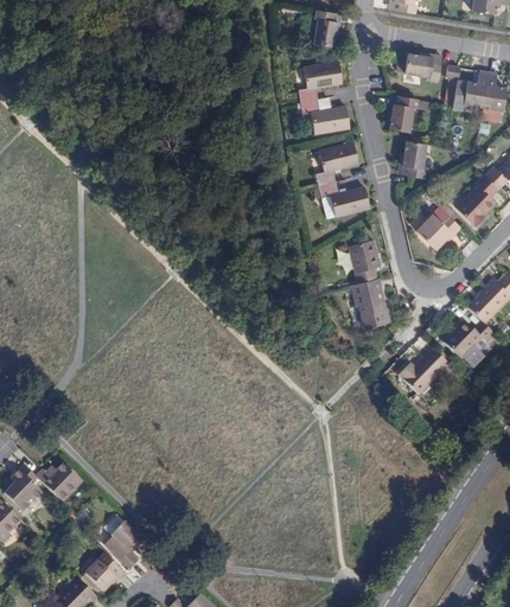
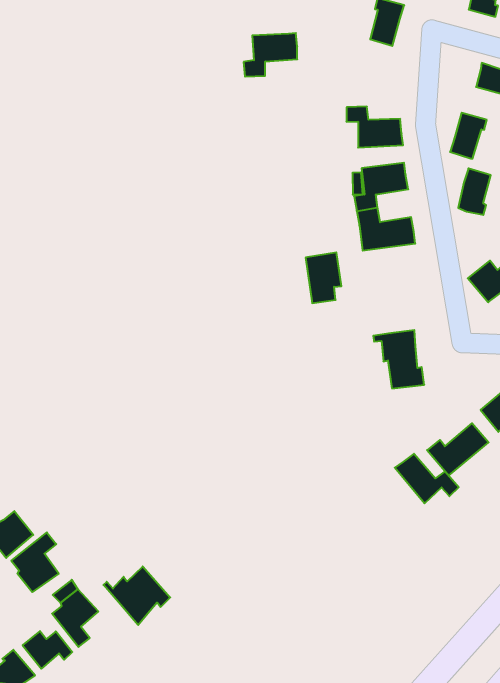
building: [299,62,343,102] -> [244,33,297,77]
building: [349,239,381,283] -> [306,252,341,303]
building: none -> [395,454,459,503]
building: none -> [11,532,59,592]
building: none -> [103,566,170,625]

